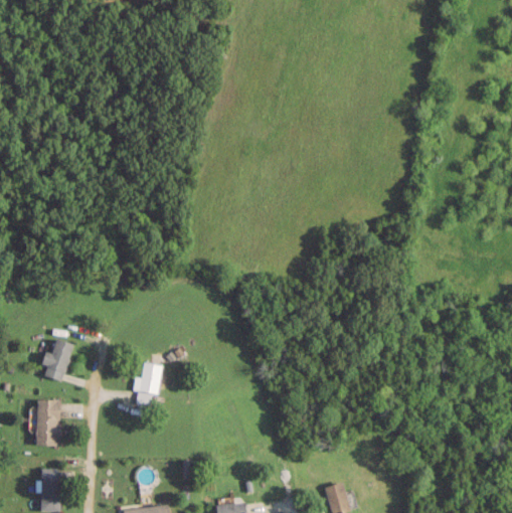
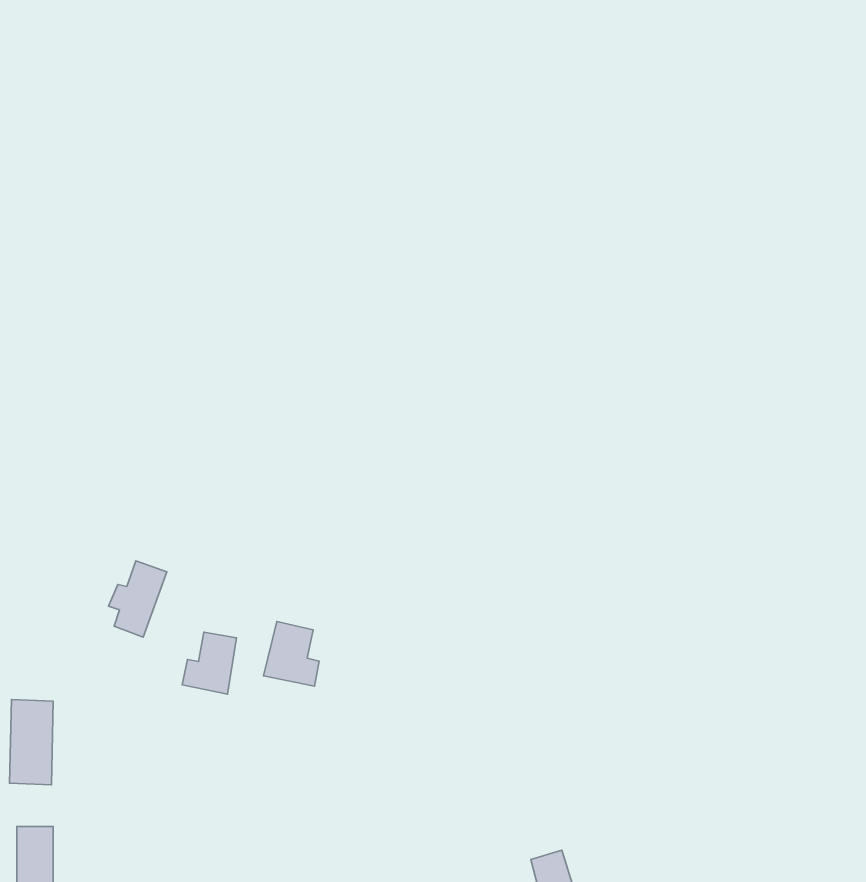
building: [41,339,73,381] -> [109,561,167,637]
building: none -> [263,622,319,686]

